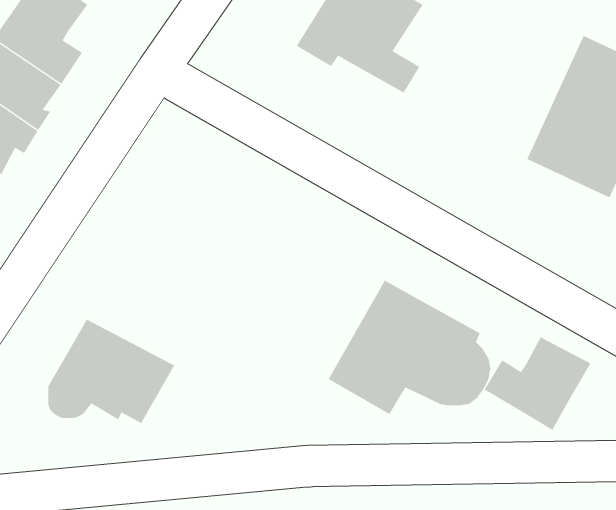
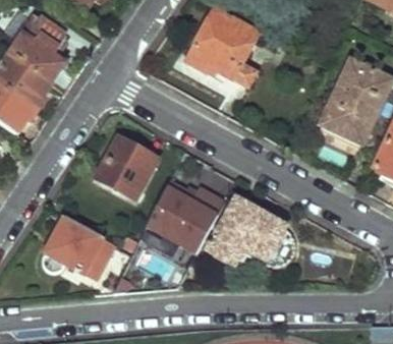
building: none -> [91,131,162,203]
building: none -> [144,178,226,254]
building: [484,336,591,431] -> none

